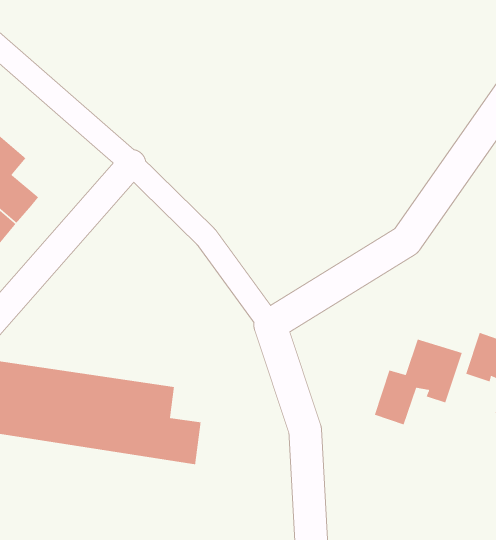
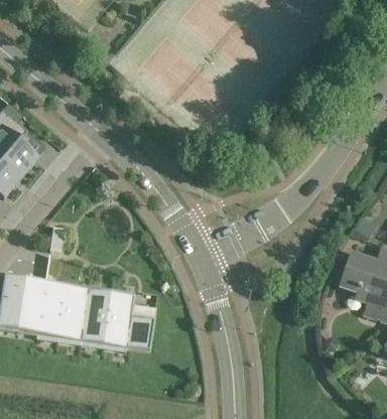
building: [374,338,463,425] -> none

